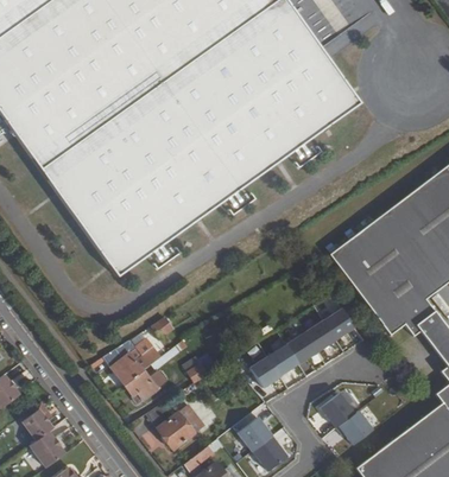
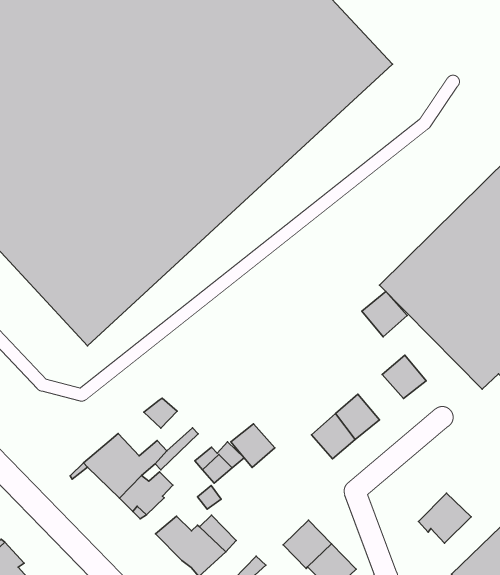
building: [305,319,337,351] -> [362,292,407,337]
building: [251,356,282,387] -> [231,424,275,467]
building: [322,392,356,427] -> none

